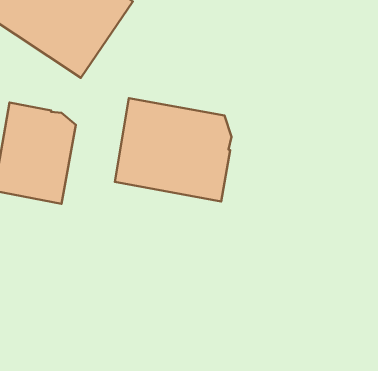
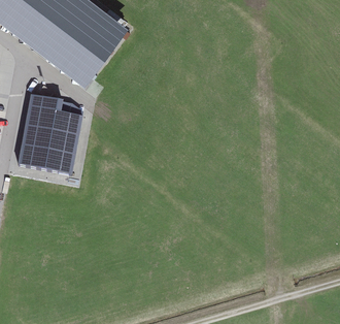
building: [115,98,232,201] -> none

